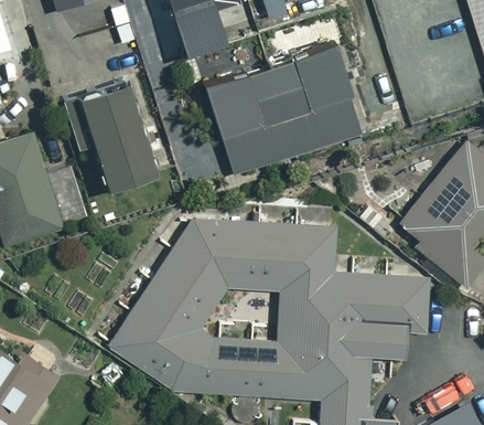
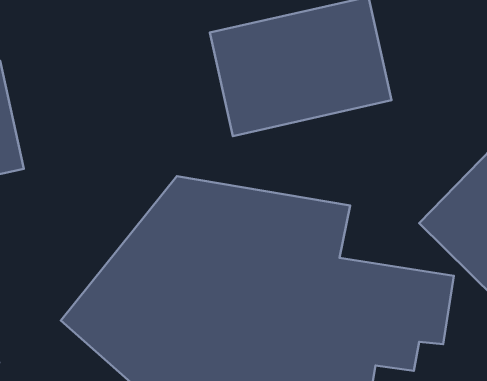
building: [83,89,158,192] -> none

